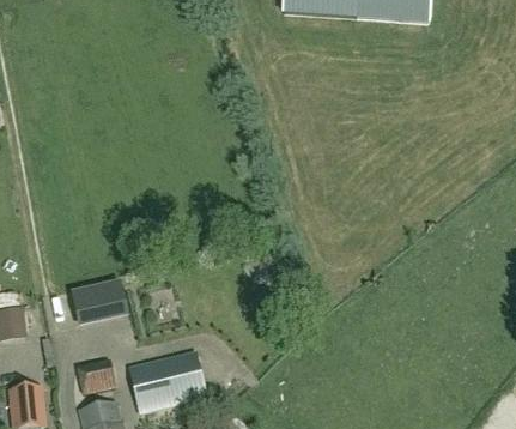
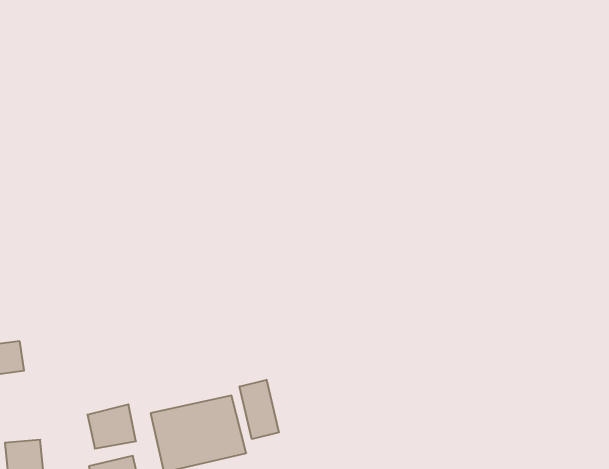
building: [71,279,127,327] -> none
building: none -> [240,380,279,439]

